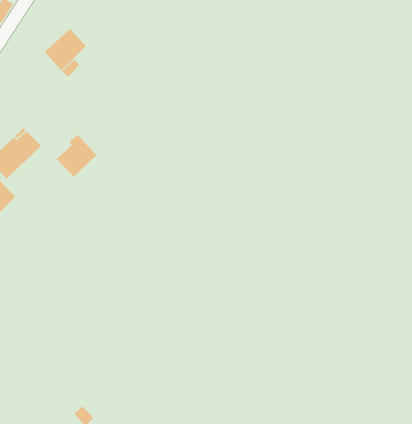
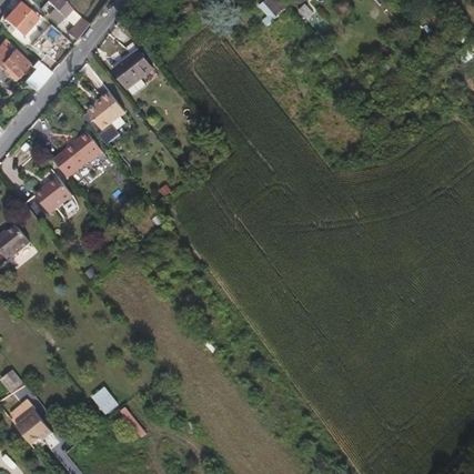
building: [56,134,97,177] -> [85,91,123,130]

